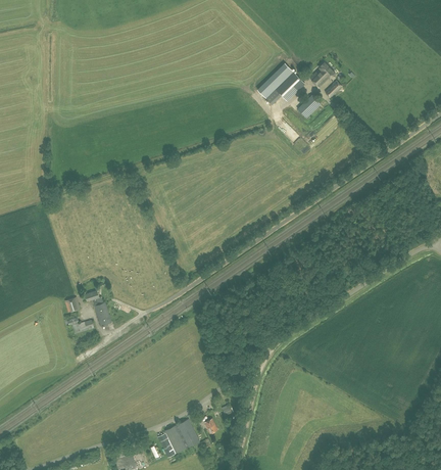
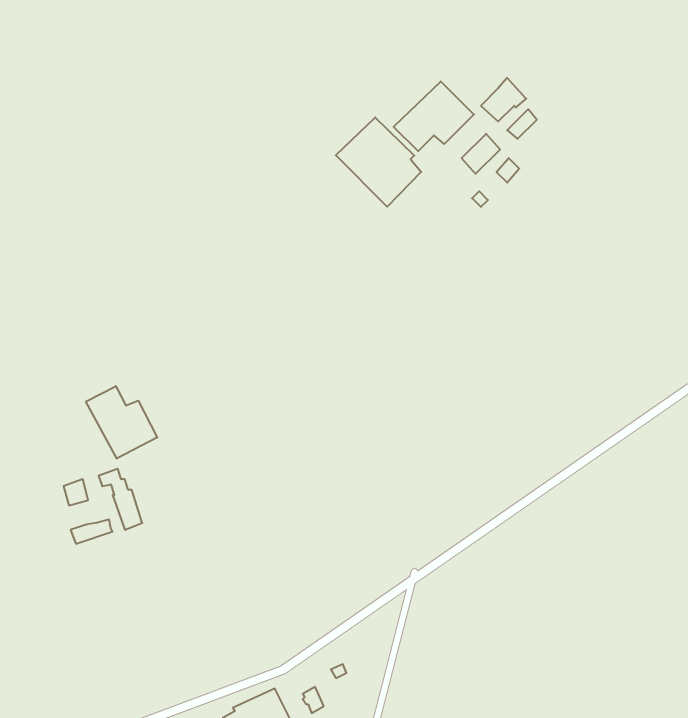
building: none -> [336,117,421,207]
building: none -> [86,386,157,459]

